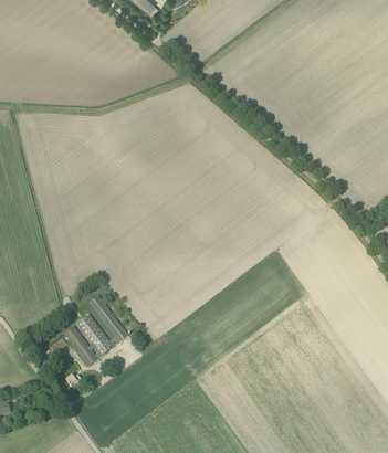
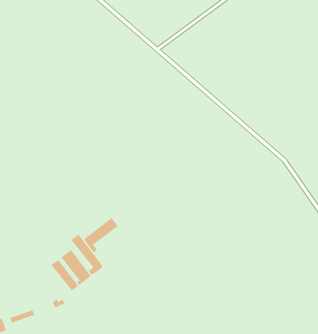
building: none -> [83,217,119,253]

